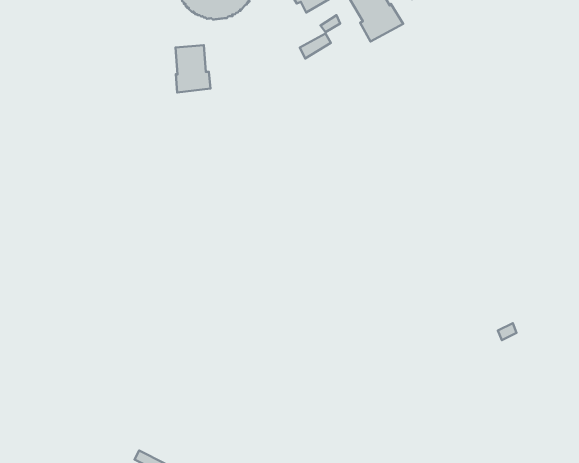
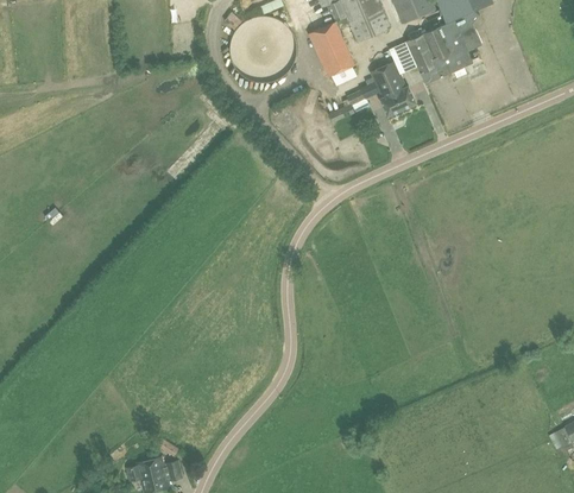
building: [175,45,211,92] -> none

